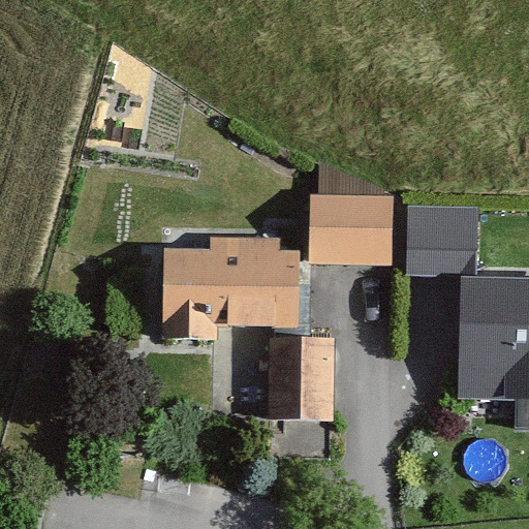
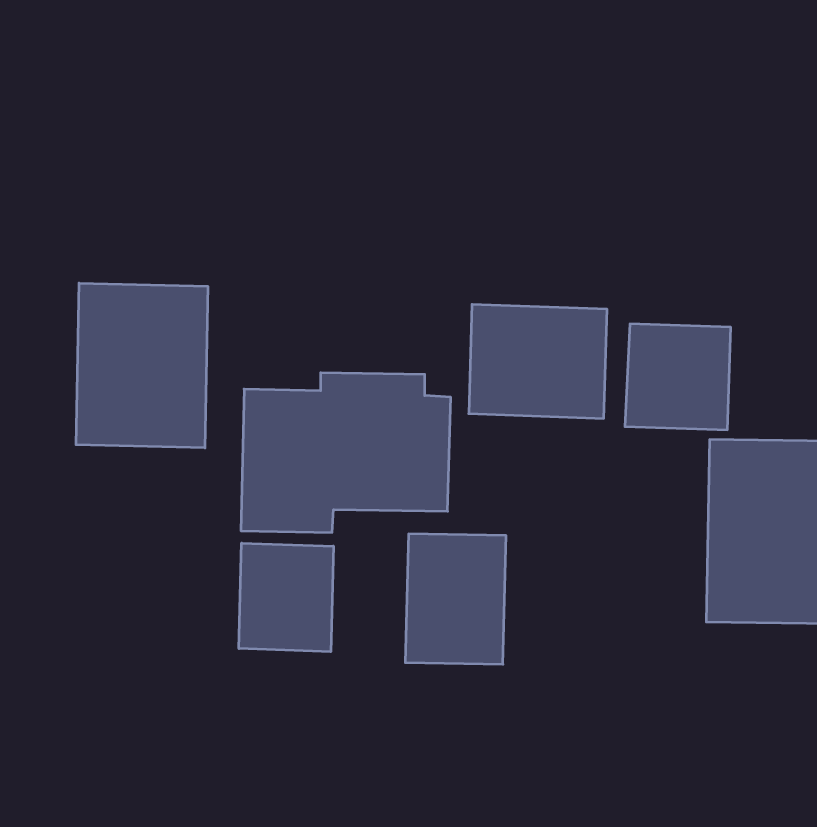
building: none -> [76,283,208,448]
building: none -> [239,543,333,652]

